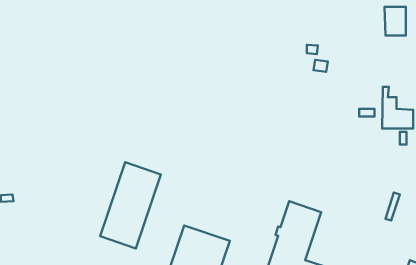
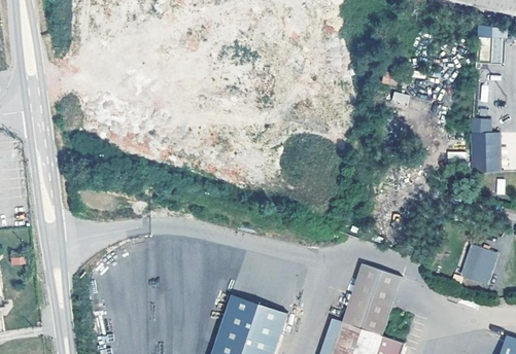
building: [100,162,161,249] -> none
building: none -> [460,247,488,285]

